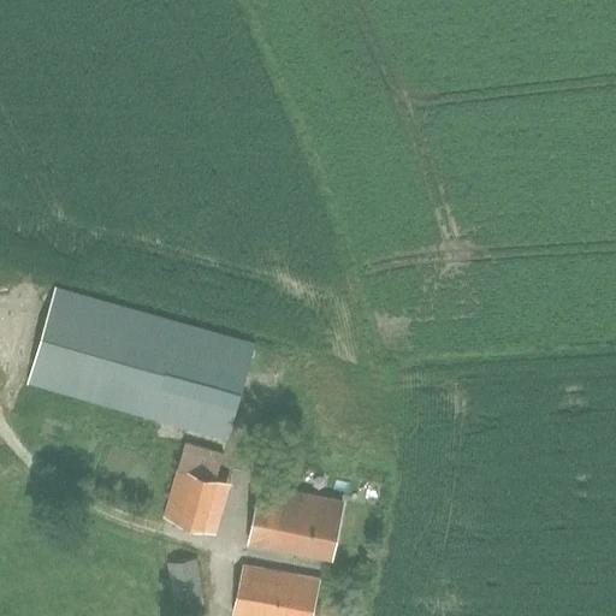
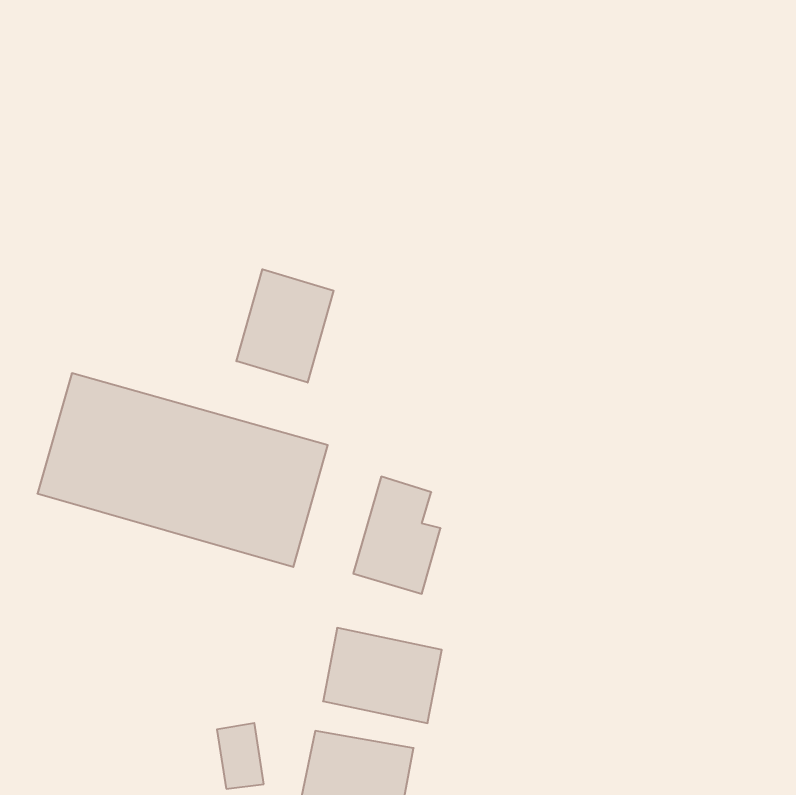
building: none -> [236,269,334,383]
building: [164,443,231,533] -> [353,477,441,594]

